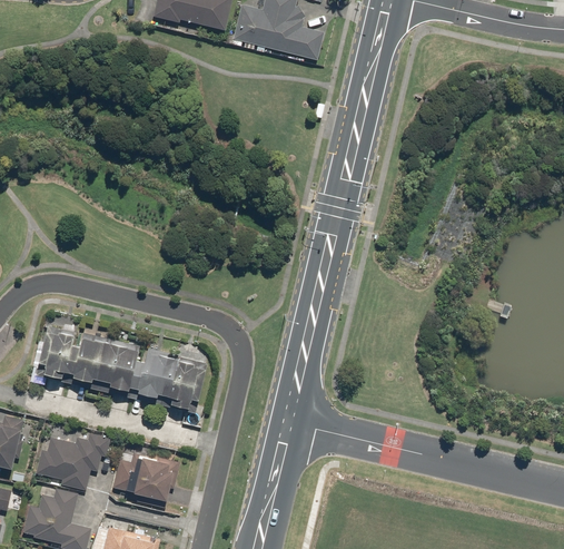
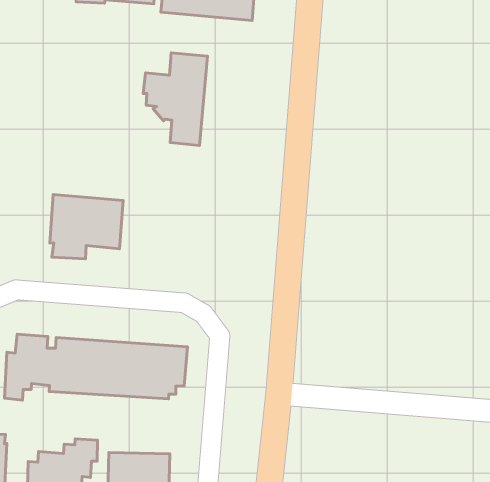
building: none -> [143,53,208,146]
building: none -> [50,195,123,259]

